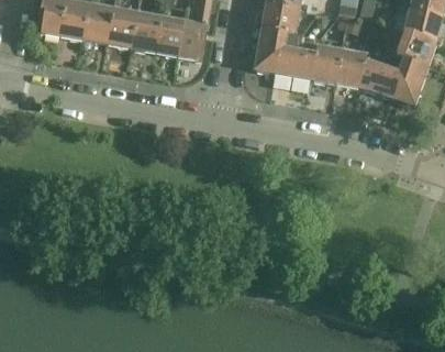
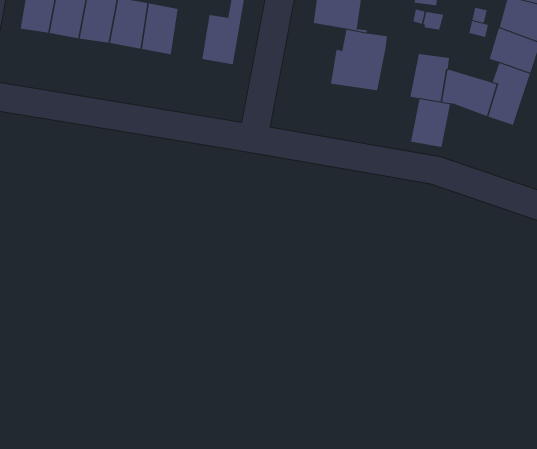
building: [154,15,182,54] -> none
building: [254,26,287,73] -> none
building: [311,45,342,82] -> [410,98,451,147]

